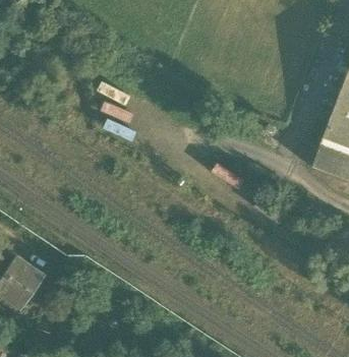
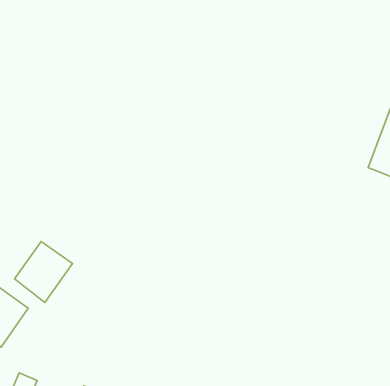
building: none -> [14,242,73,302]

